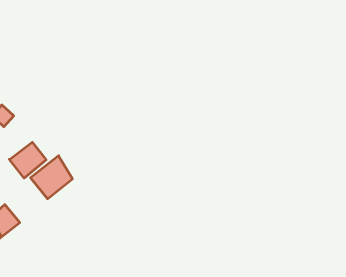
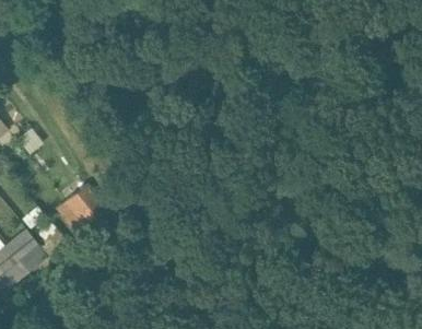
building: [9,142,46,178] -> none

